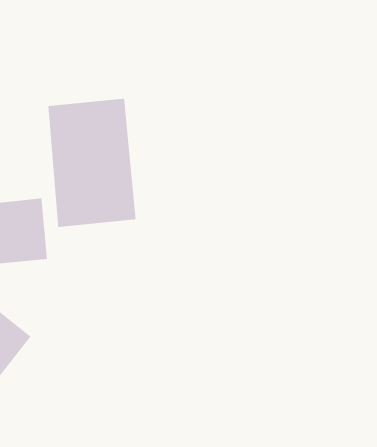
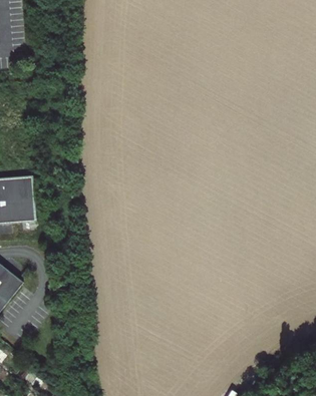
building: [48,98,136,228] -> none

